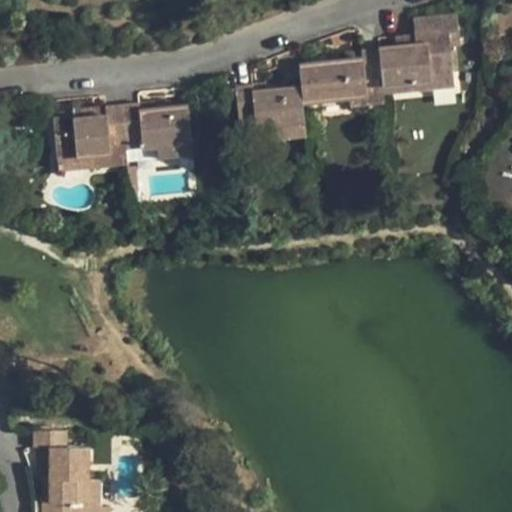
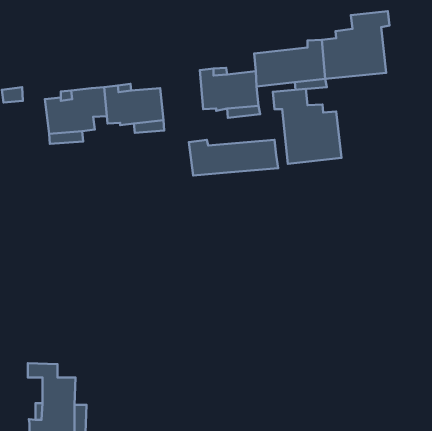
building: none -> [273,89,342,164]
building: none -> [189,140,278,176]

